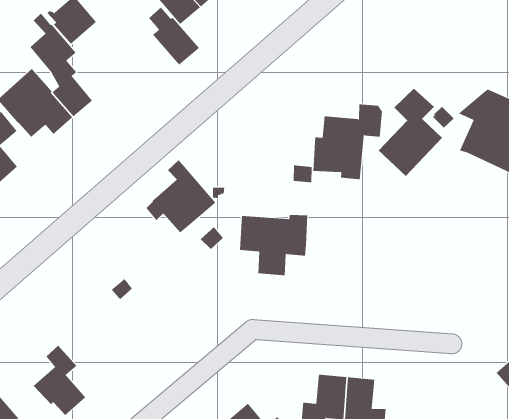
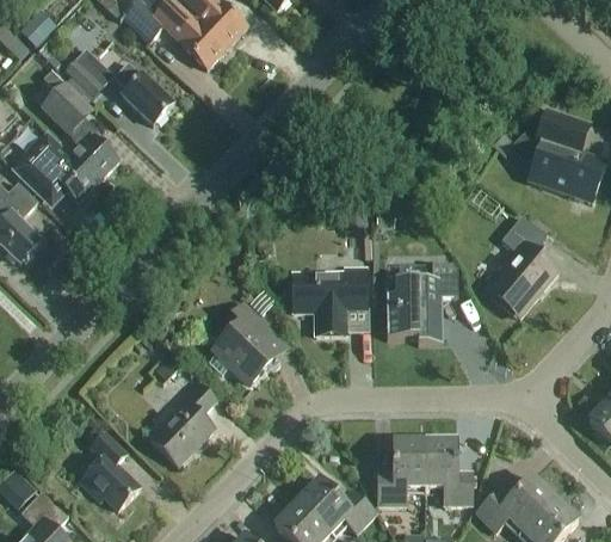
building: [148,6,200,65] -> [115,61,174,124]
building: [378,88,443,177] -> [488,217,558,316]
building: [312,104,383,180] -> [385,259,458,343]
building: [145,159,216,233] -> [209,301,286,382]
building: none -> [150,381,215,466]

